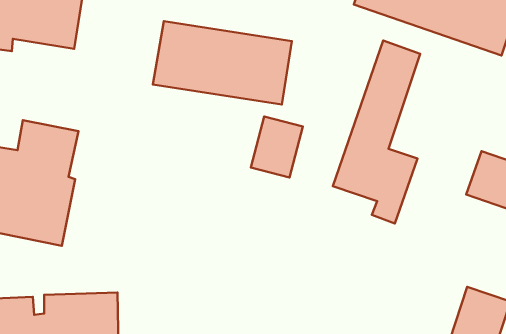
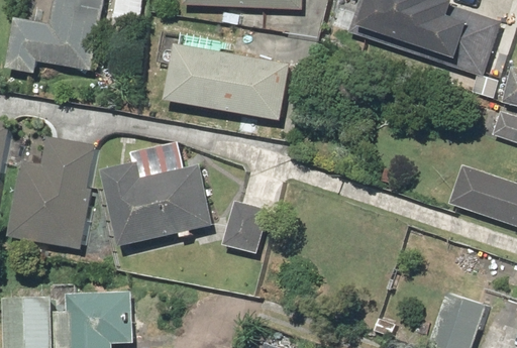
building: [333,41,420,224] -> none
building: [251,116,303,178] -> [221,199,269,254]
building: none -> [100,161,213,247]

